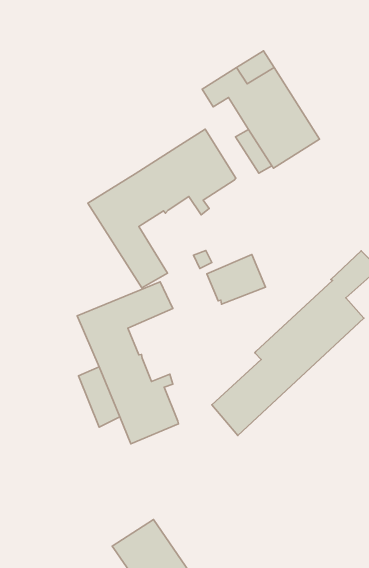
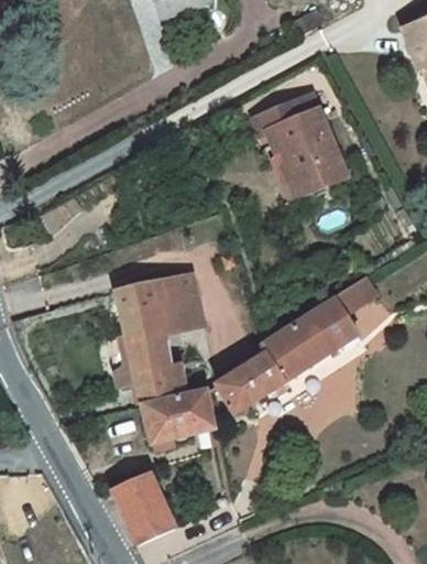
building: [88,129,236,288] -> none
building: [207,254,265,304] -> [156,296,204,334]
building: none -> [142,387,215,447]

